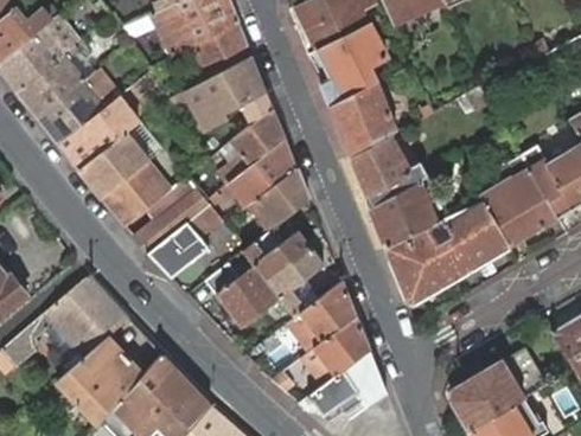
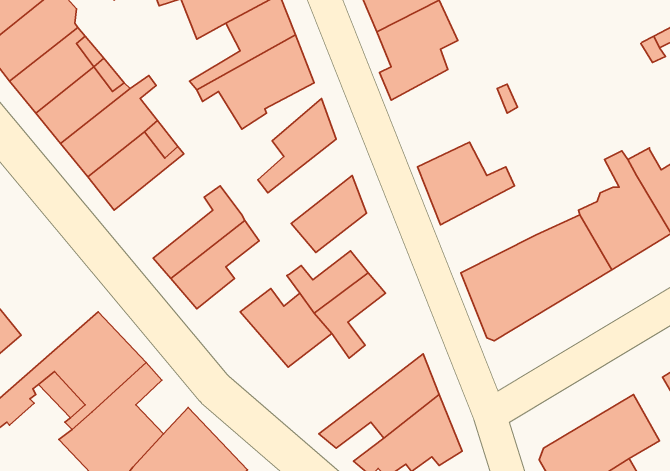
building: [328,82,395,158] -> none
building: [221,139,296,207] -> none
building: [102,150,189,225] -> none
building: [369,177,451,248] -> none
building: [288,282,355,350] -> none

